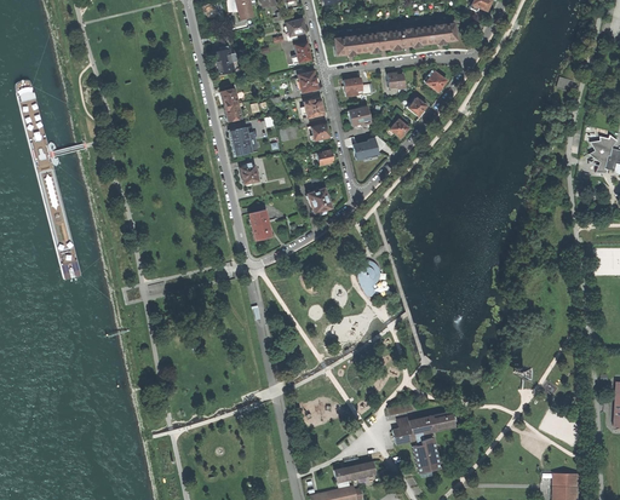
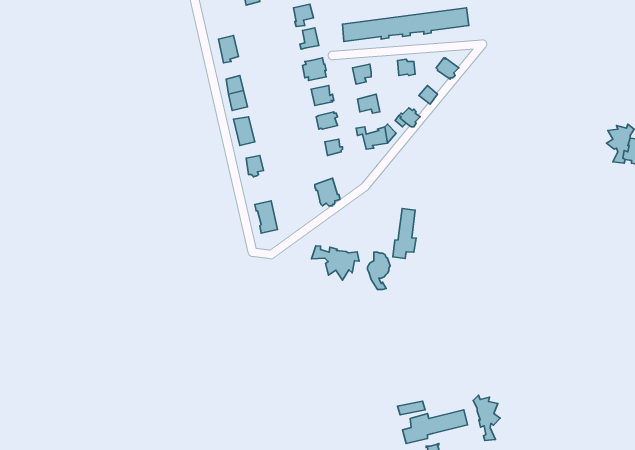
building: none -> [393,208,416,259]
building: none -> [312,246,359,280]
building: none -> [473,395,500,440]

